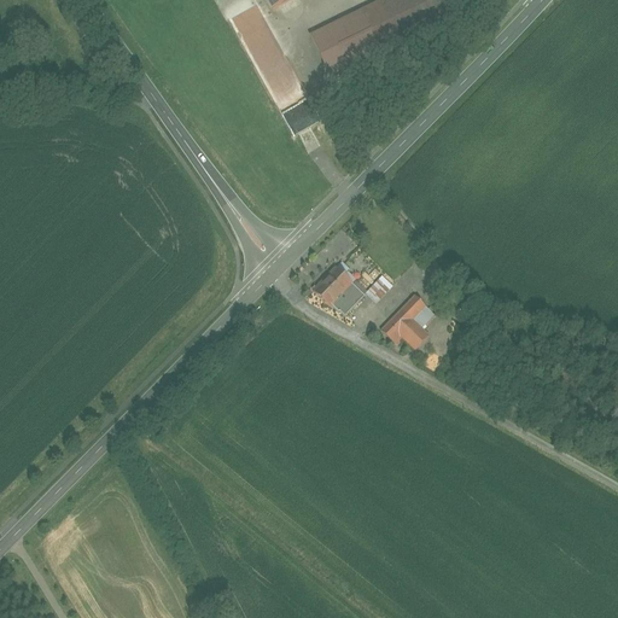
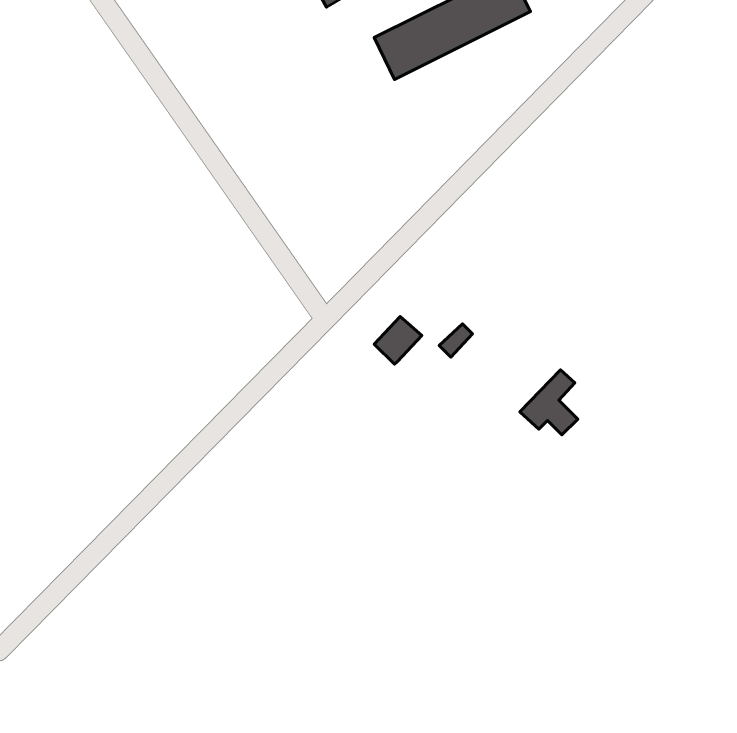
building: [332,280,366,314] -> none
building: [380,292,428,346] -> [520,370,578,435]

